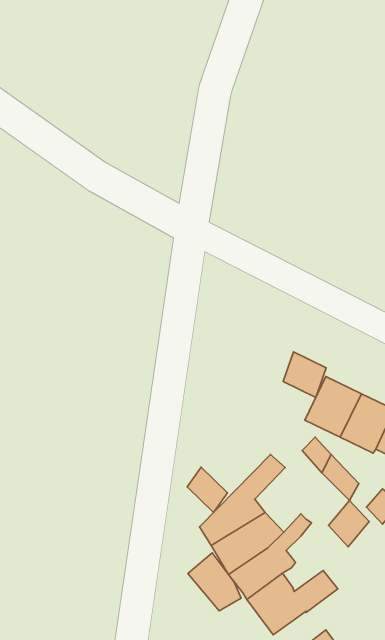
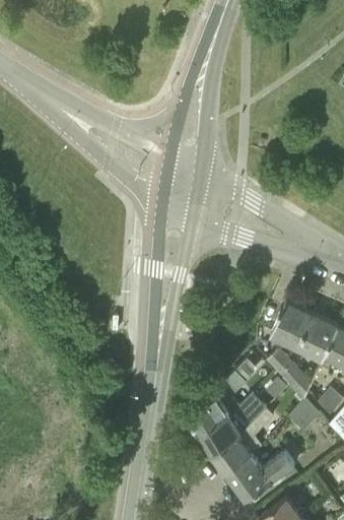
building: [283,352,326,397] -> none
building: [187,467,227,513] -> none
building: [188,553,241,611] -> none

